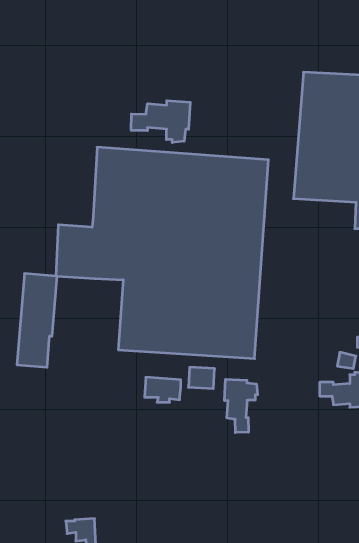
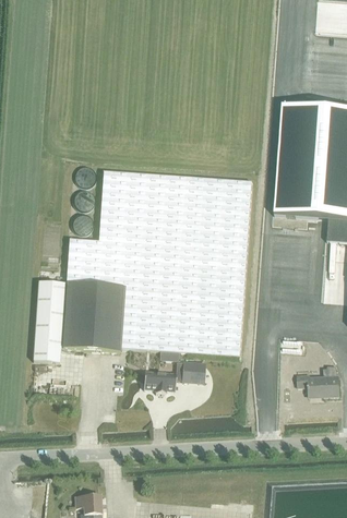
building: [131,101,190,143] -> none
building: none -> [63,282,125,351]
building: [225,379,258,433] -> none

